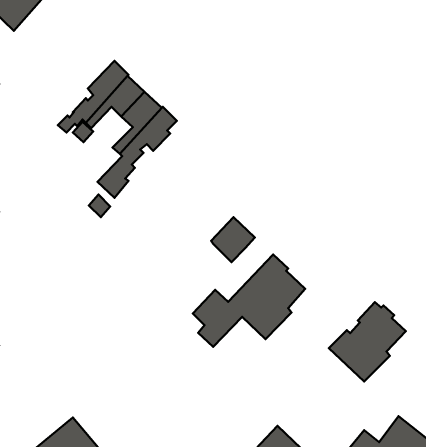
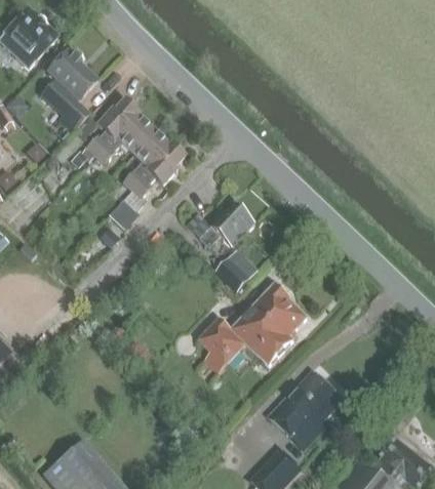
building: none -> [39,50,97,132]
building: none -> [201,201,255,246]
building: [329,302,406,381] -> [269,371,343,447]

